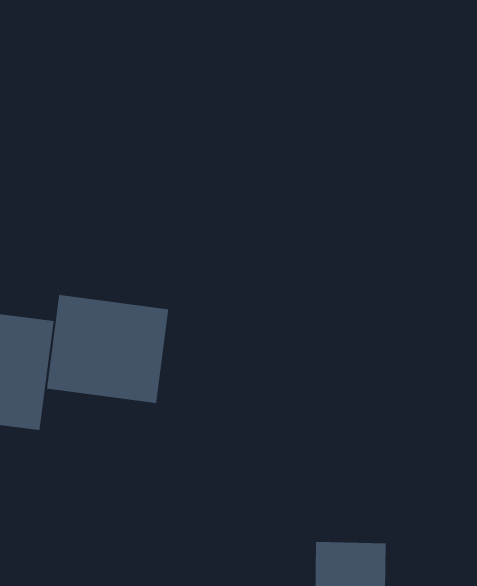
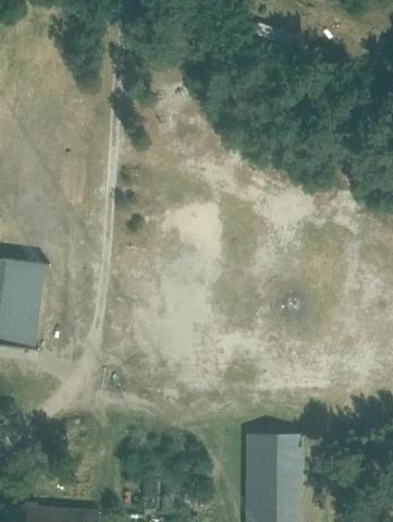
building: [46,294,169,404] -> none

